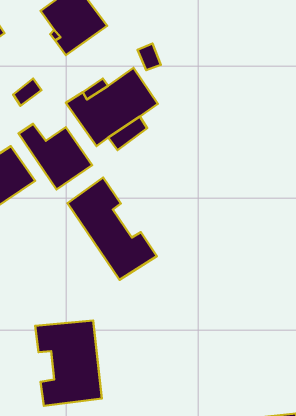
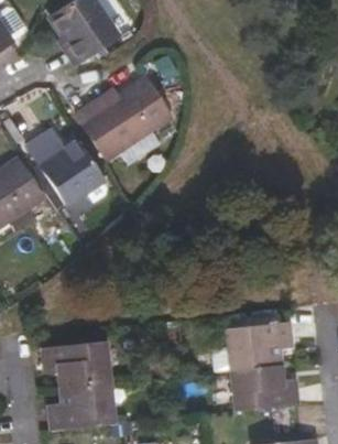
building: [68,178,157,280] -> none
building: none -> [226,321,298,411]

